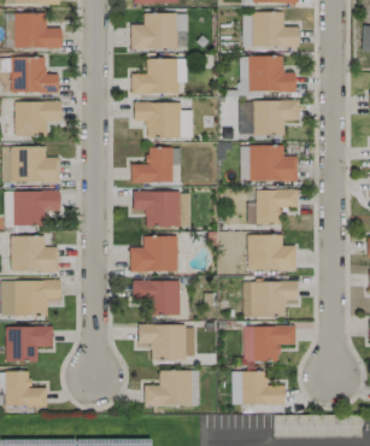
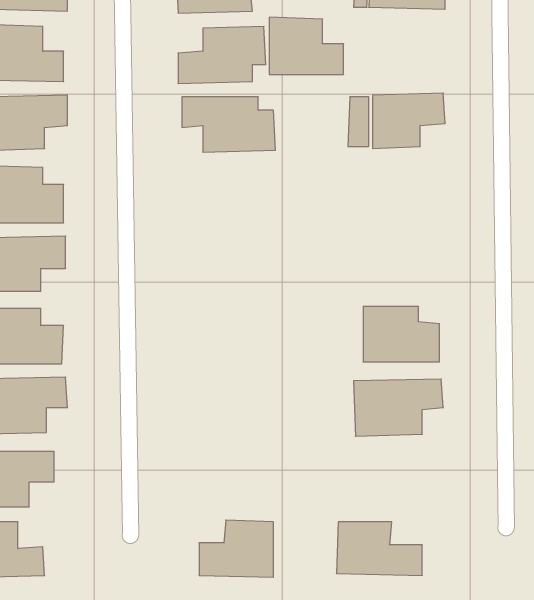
building: [249,55,296,92] -> [269,17,344,74]
building: [249,145,298,182] -> none
building: [131,147,181,182] -> none
building: [247,189,298,224] -> none
building: [134,190,180,227] -> none
building: [130,236,178,271] -> none
building: [134,281,181,315] -> none
building: [139,324,195,359] -> none
building: [245,325,296,362] -> none

